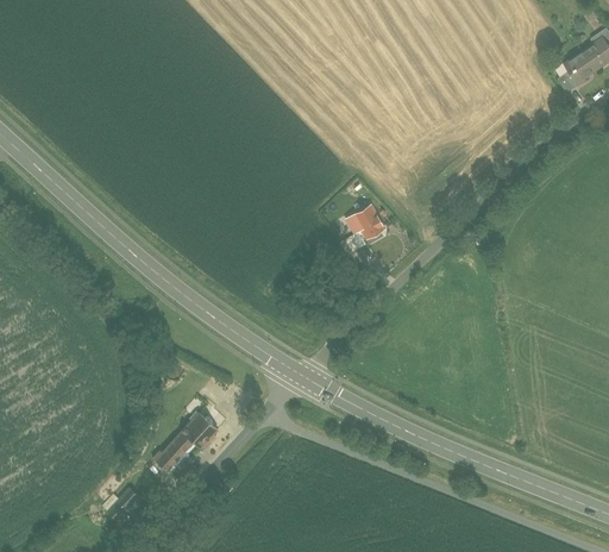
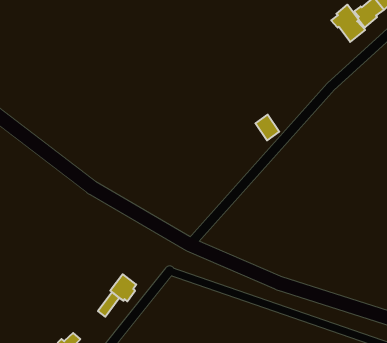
building: none -> [331,5,365,42]
building: [352,203,384,239] -> [255,115,279,140]

